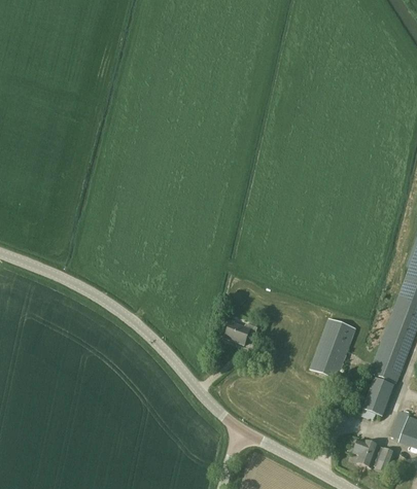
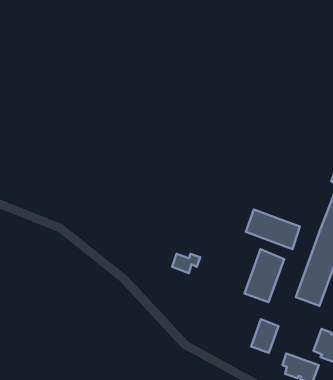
building: none -> [246,210,300,249]
building: [362,376,394,415] -> [251,319,279,353]

